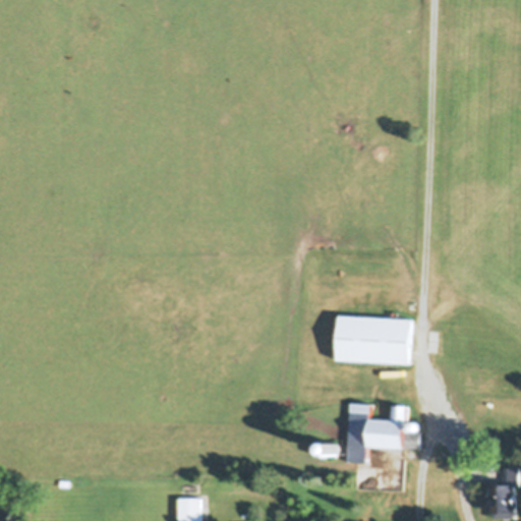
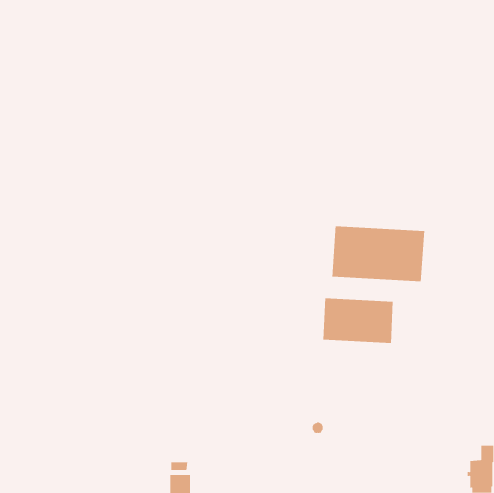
building: none -> [332,226,425,282]
building: [346,405,419,463] -> none

